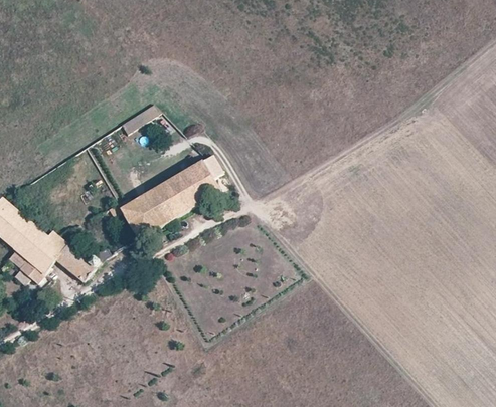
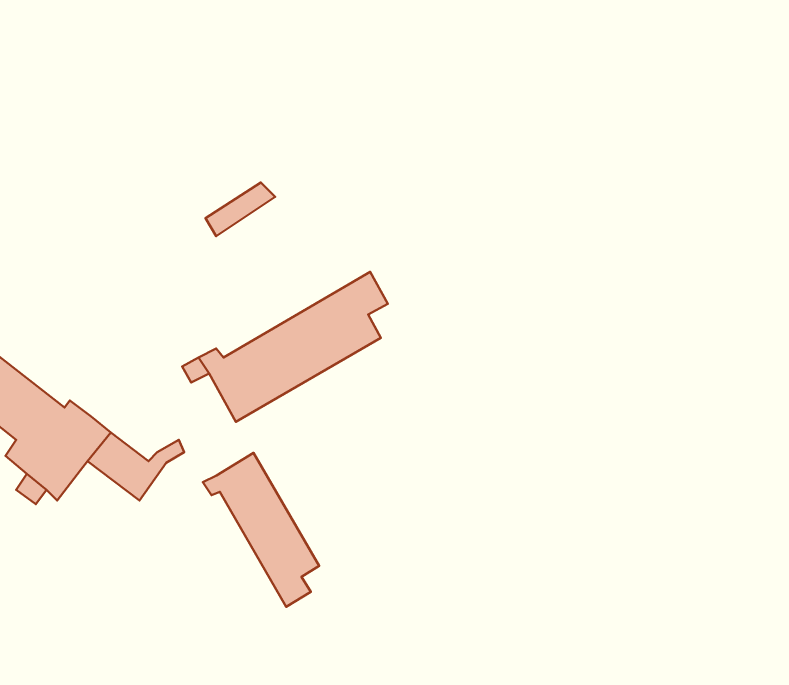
building: none -> [203,453,319,607]

